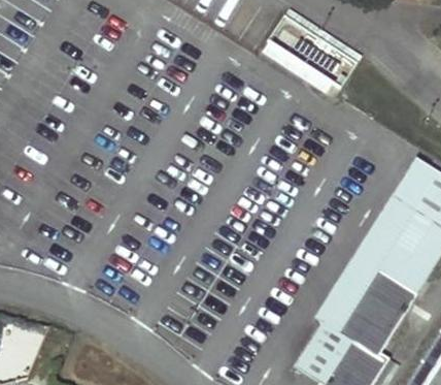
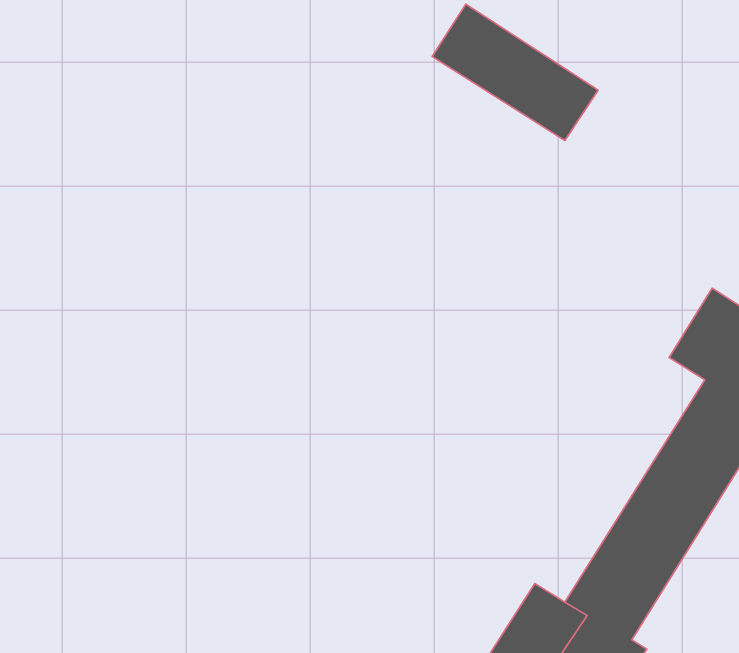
building: [319,199,416,334] -> none

